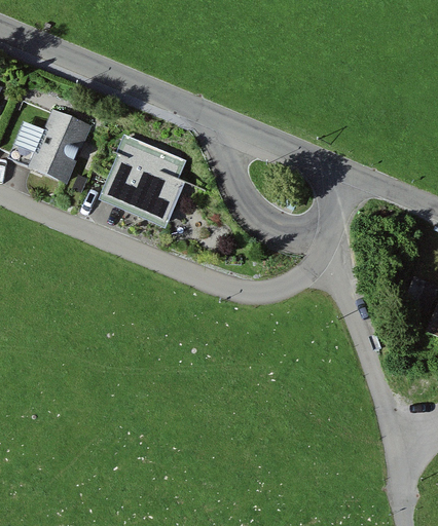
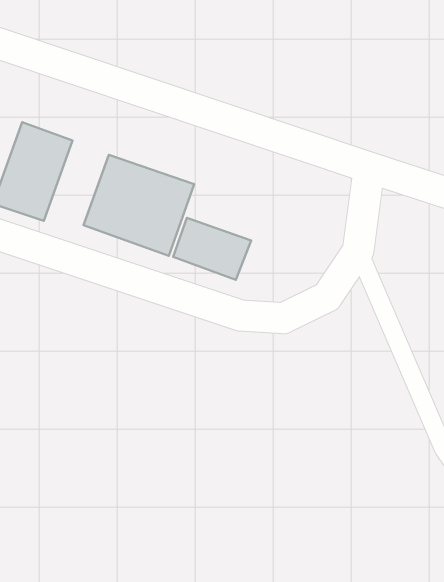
building: none -> [173,218,251,280]

